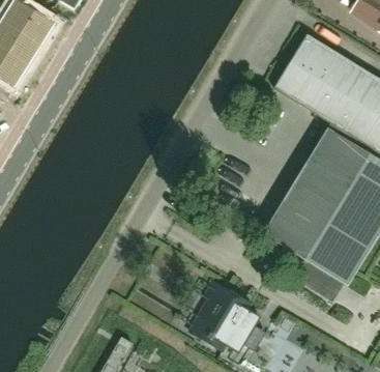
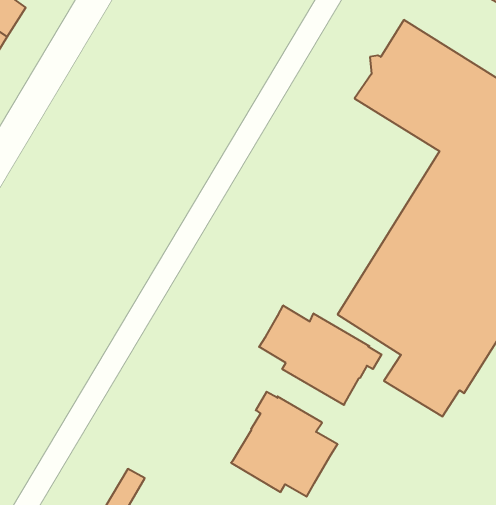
building: none -> [259,305,381,405]

